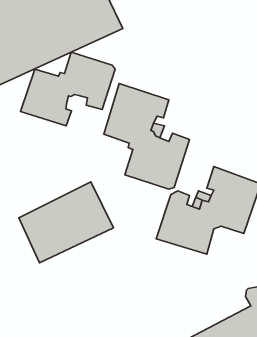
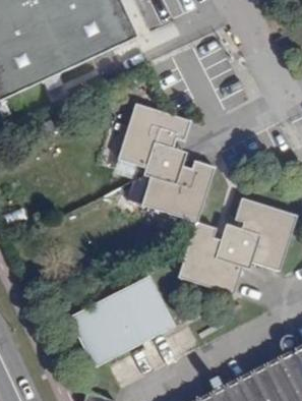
building: [20,52,115,126] -> none
building: [19,182,113,263] -> [69,274,176,365]

